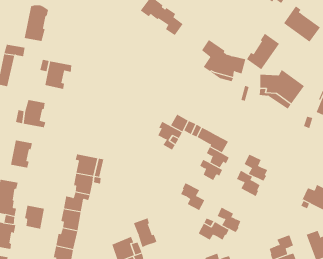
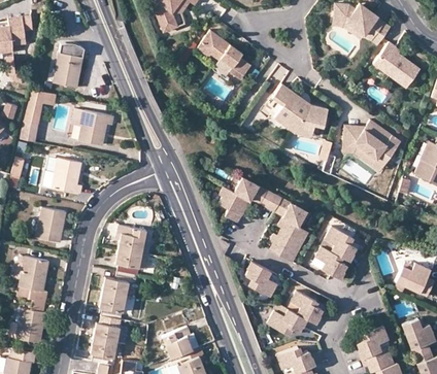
building: [246,33,280,70] -> none
building: [25,205,44,229] -> none
building: [133,218,157,248] -> none

